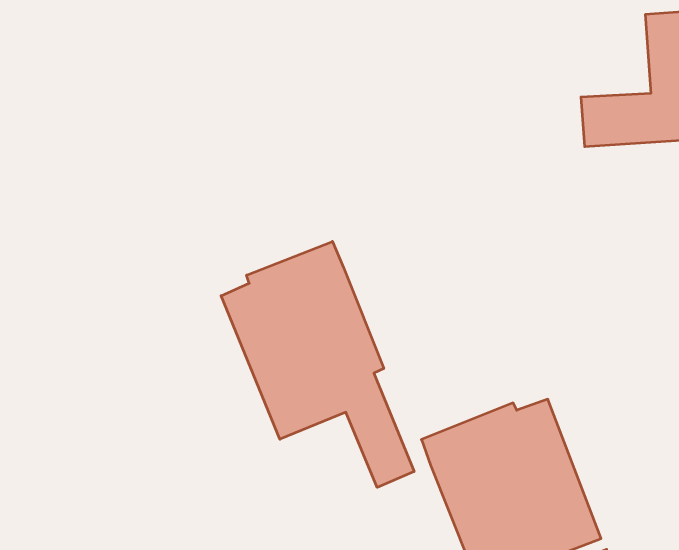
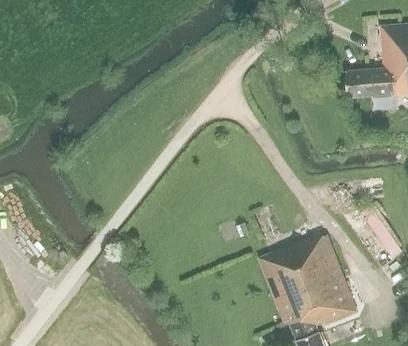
building: [221,241,414,487] -> none

